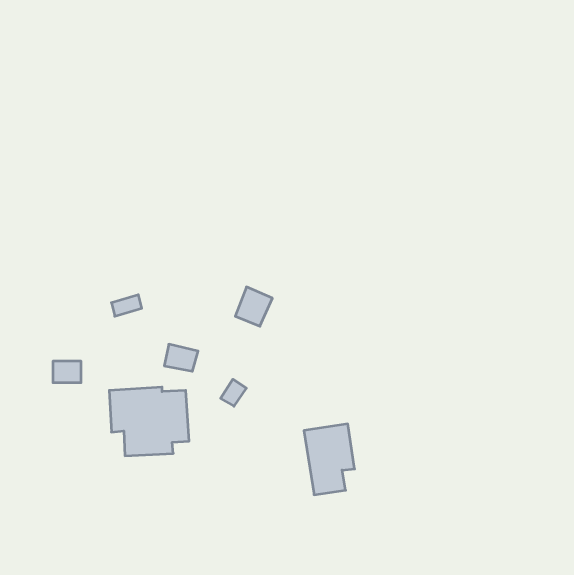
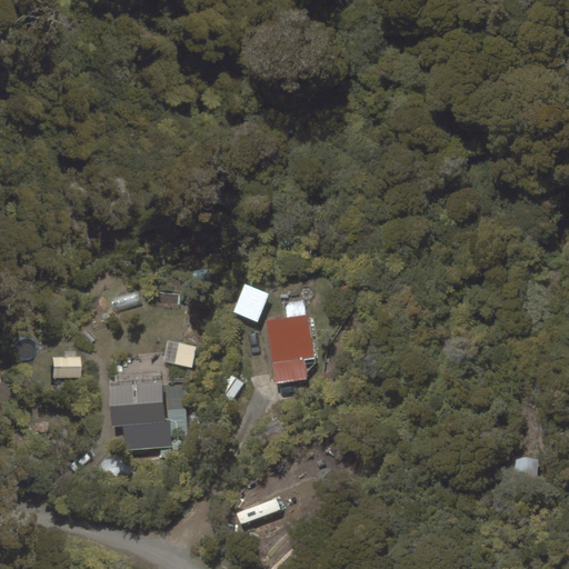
building: [304,424,355,495] -> [264,313,315,383]

